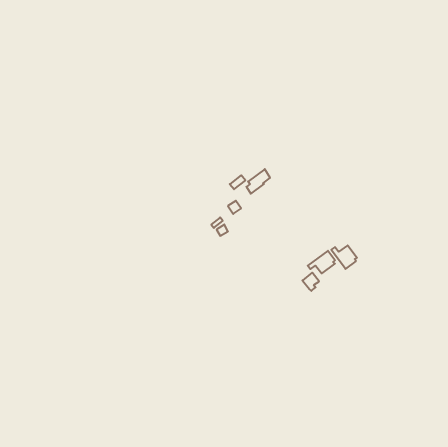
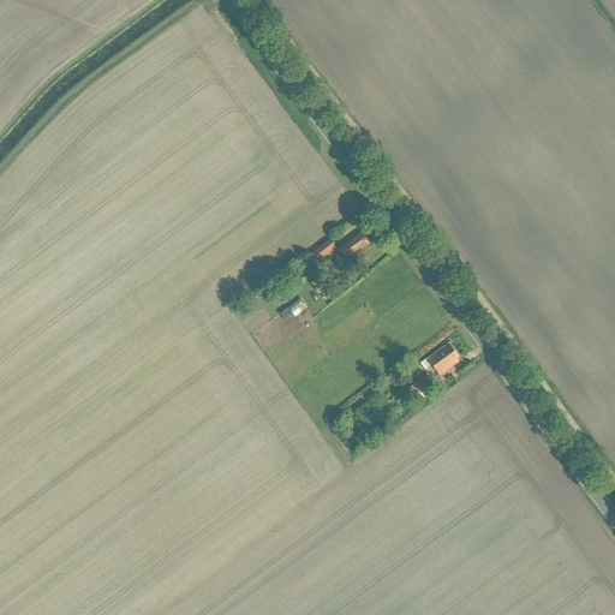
building: [331,245,357,269] -> none

